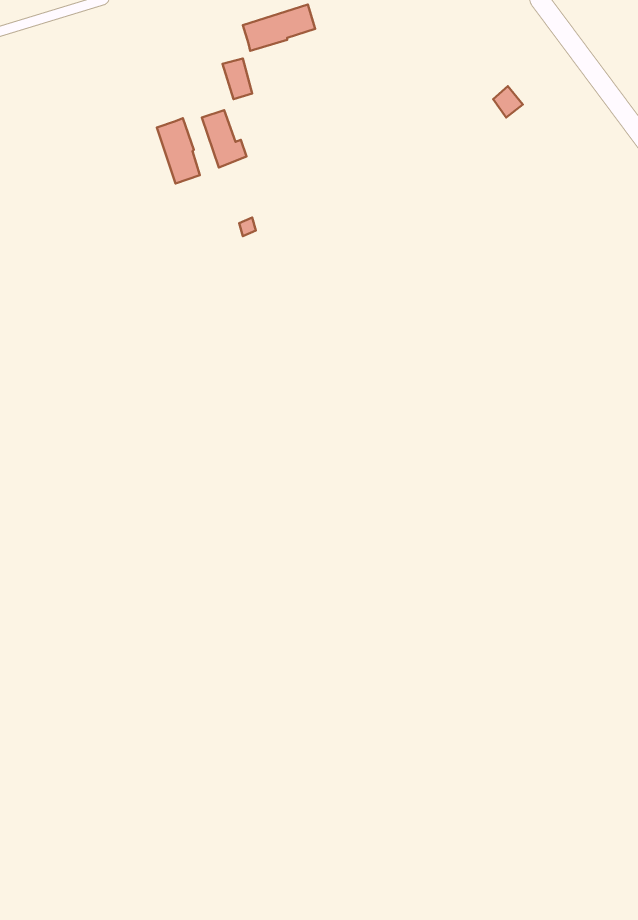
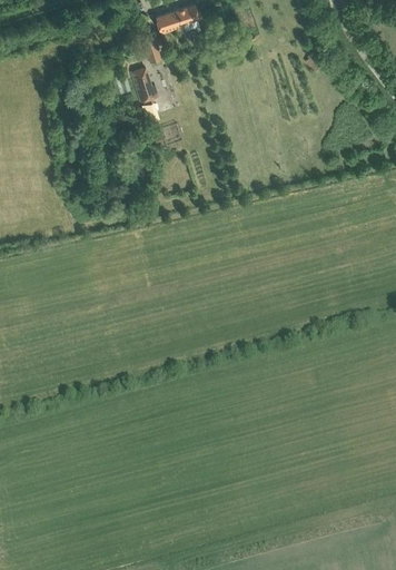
building: [157,118,200,184] -> none

